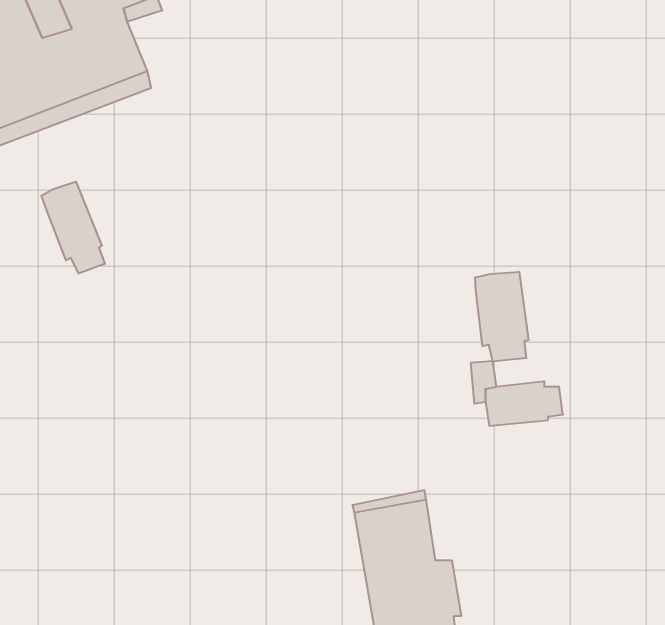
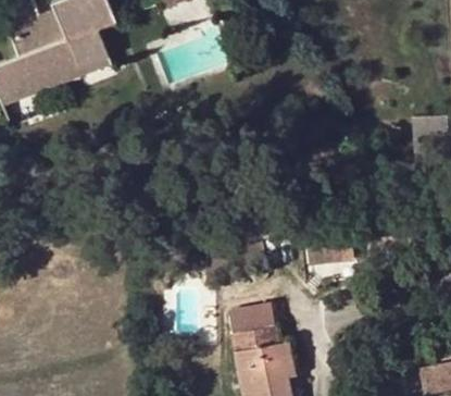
building: [42,181,105,273] -> none
building: [475,272,529,361] -> none

